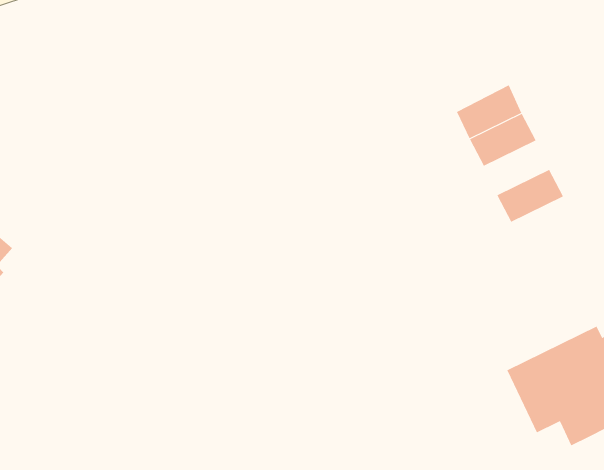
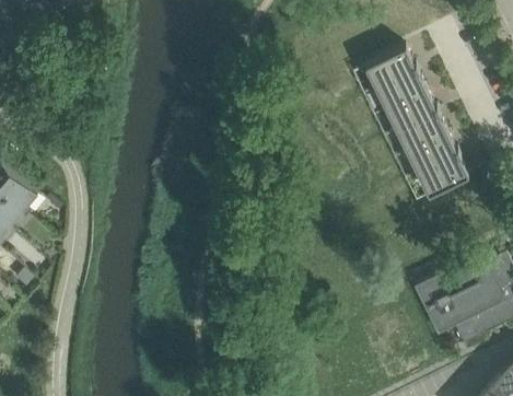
building: none -> [365,48,417,91]
building: none -> [397,113,447,154]
building: none -> [418,155,468,197]

